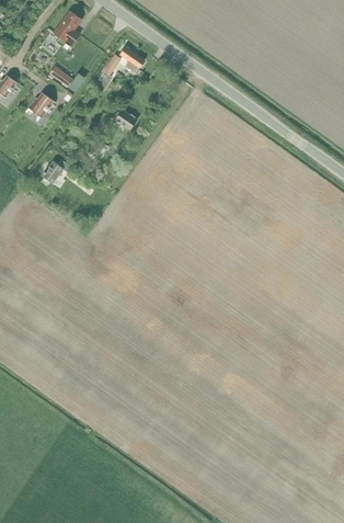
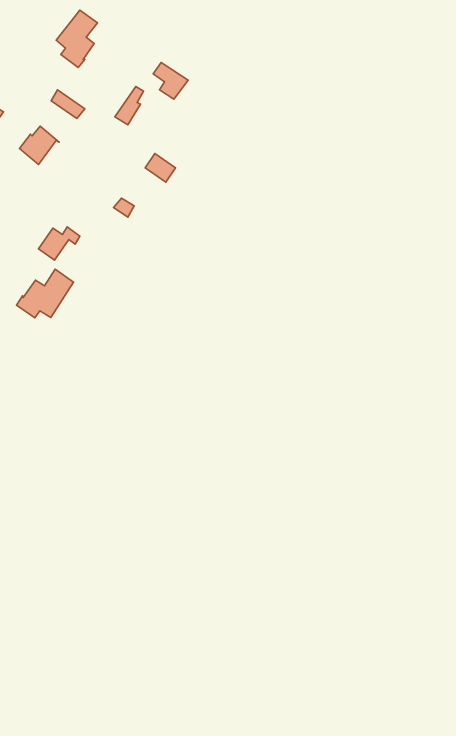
building: none -> [17,269,74,318]

